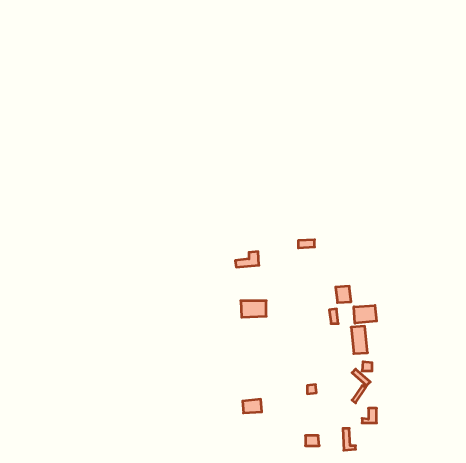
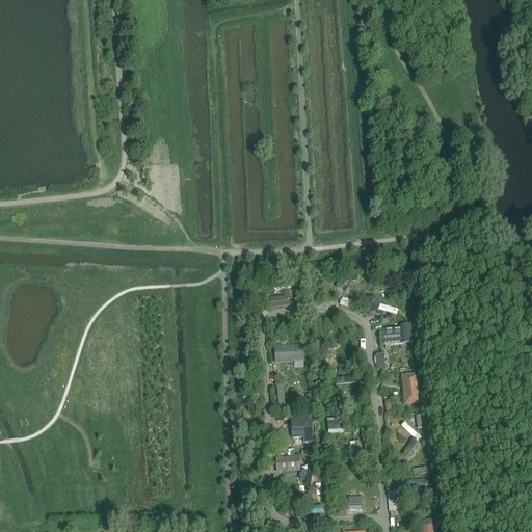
building: [354,305,377,323] -> none
building: none -> [291,416,312,440]

